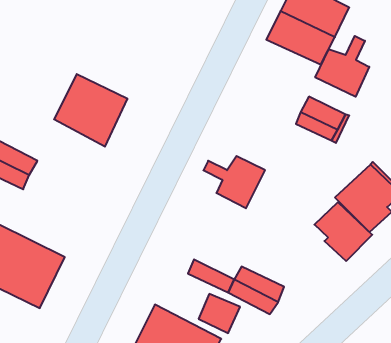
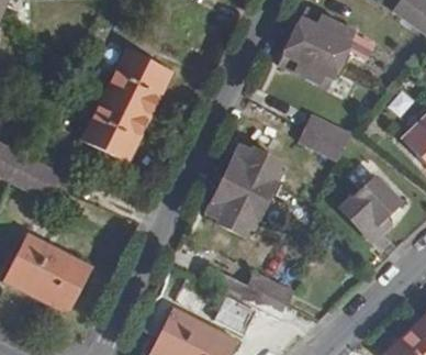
building: none -> [101,48,170,118]
building: [315,36,369,97] -> none
building: none -> [223,145,280,184]
building: none -> [205,184,258,234]
building: [314,202,372,261] -> none

